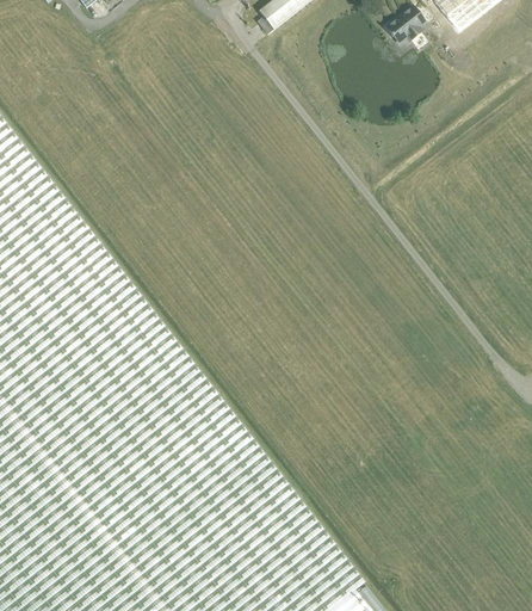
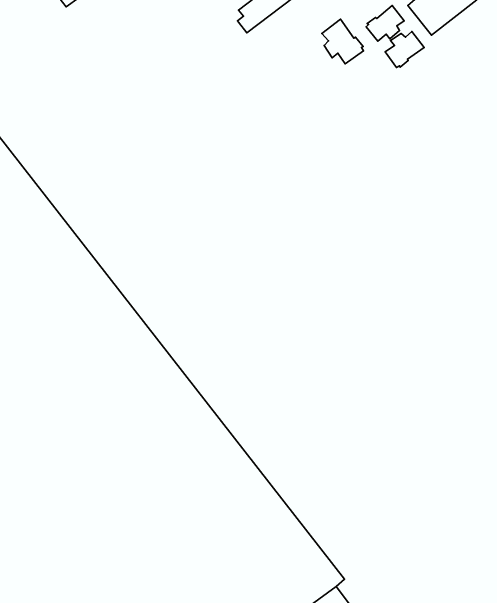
building: none -> [322,19,363,64]
building: none -> [385,31,424,67]

